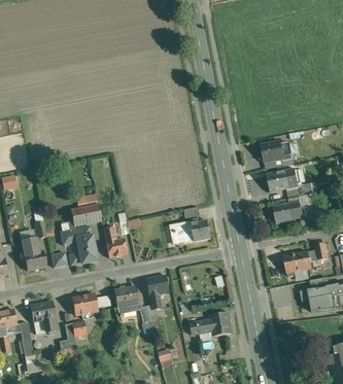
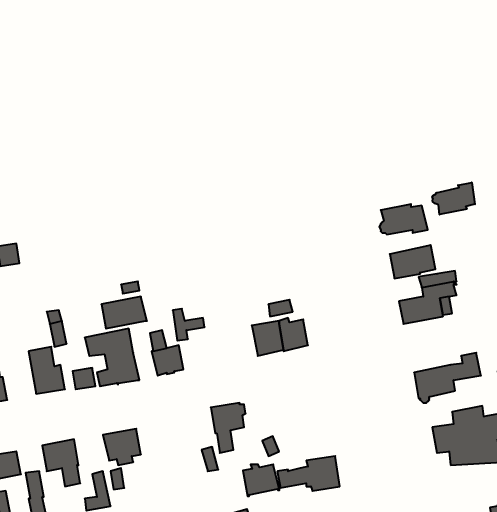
building: none -> [432,182,475,215]
building: [114,286,139,308] -> [243,464,279,496]

